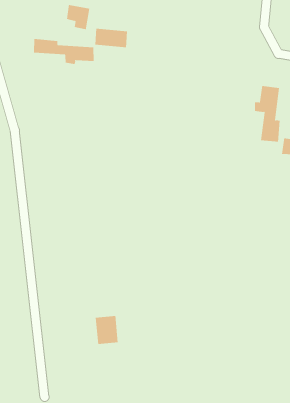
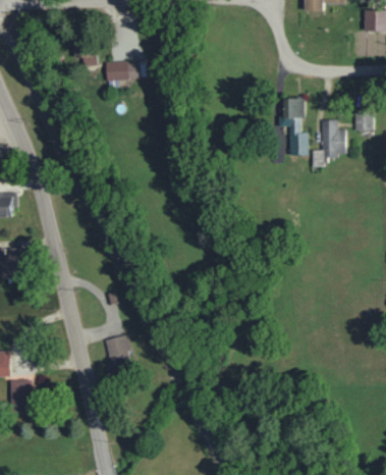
building: [33,38,94,65] -> none
building: [95,315,118,345] -> [105,333,132,366]

